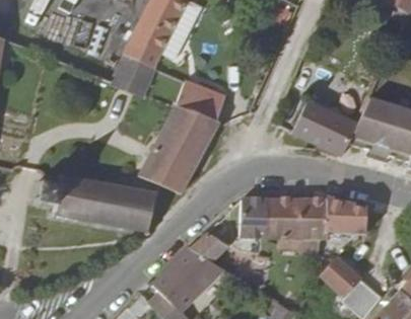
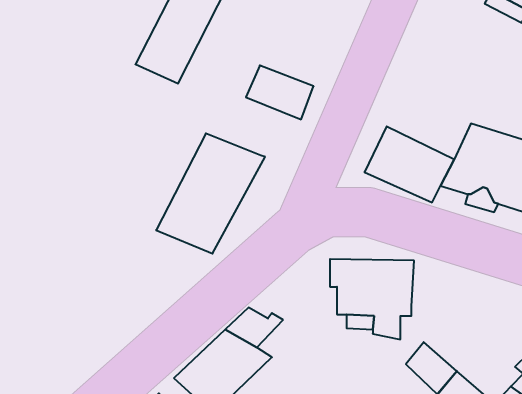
building: [111,54,155,95] -> none
building: [176,81,225,121] -> [246,65,314,119]
building: [36,172,160,235] -> none
building: [239,196,272,237] -> none
building: [327,197,366,234] -> none

